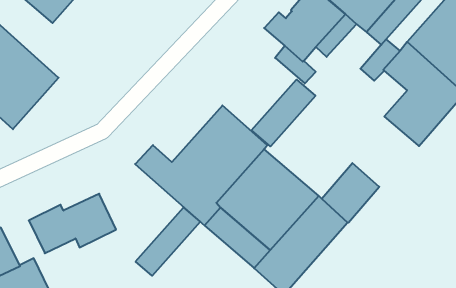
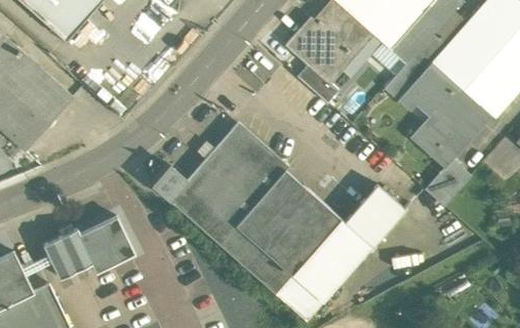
building: [252,80,315,146] -> none
building: none -> [425,159,471,206]
building: [136,207,200,276] -> none

